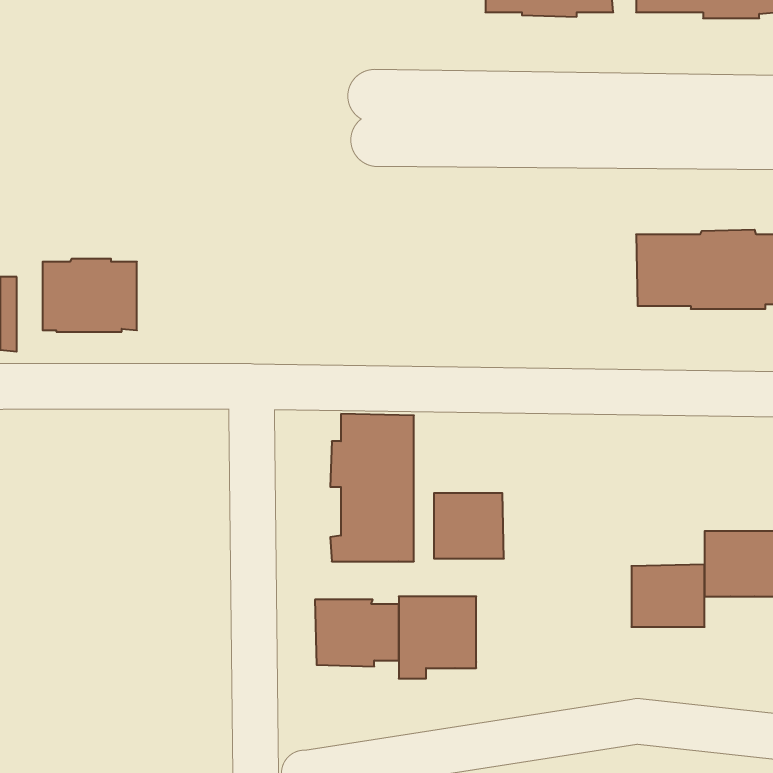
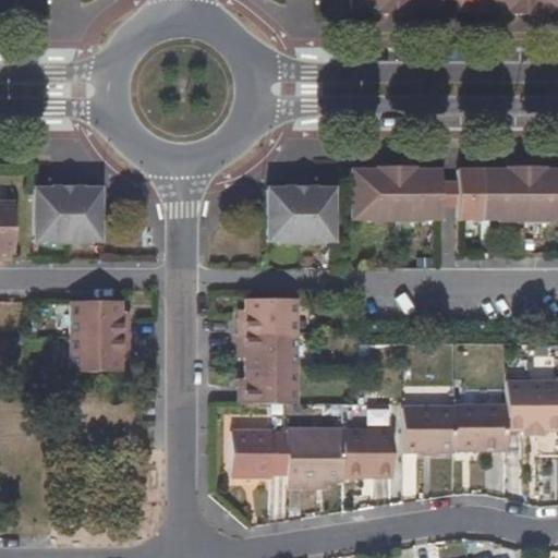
building: none -> [352,165,440,220]
building: none -> [268,184,336,242]
building: none -> [70,300,129,371]
building: [434,493,504,559] -> [344,427,395,474]
building: none -> [403,405,456,452]

